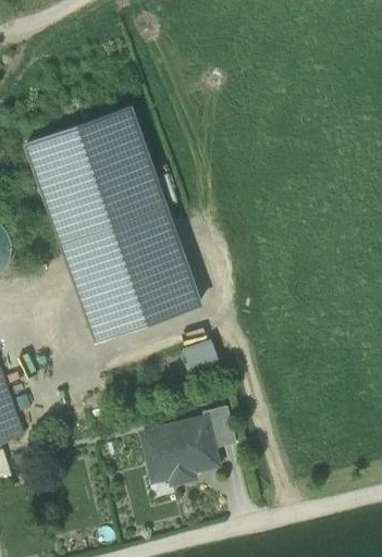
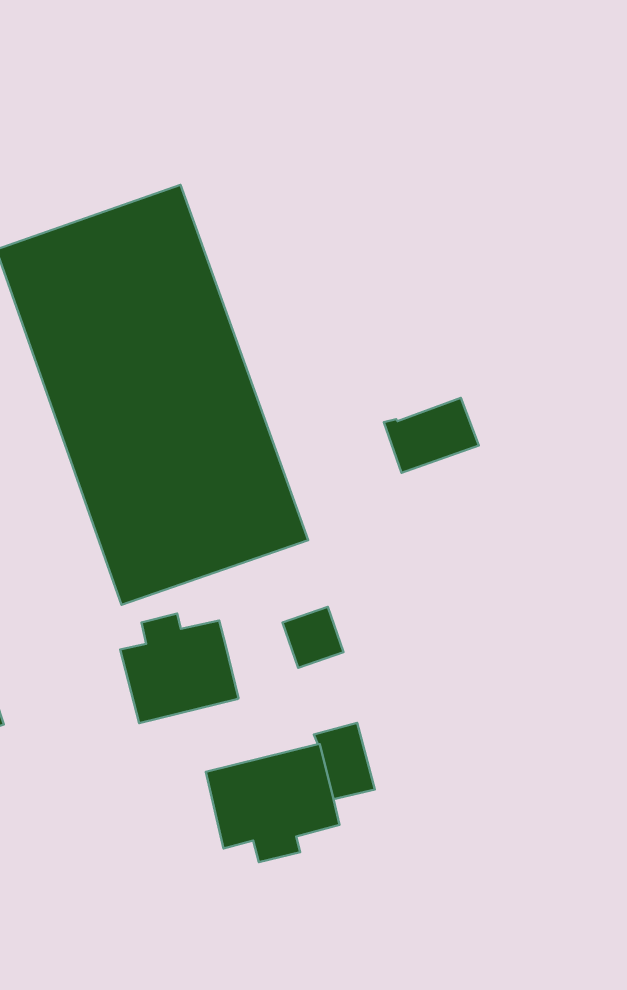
building: none -> [384,398,479,473]
building: none -> [120,614,238,723]

